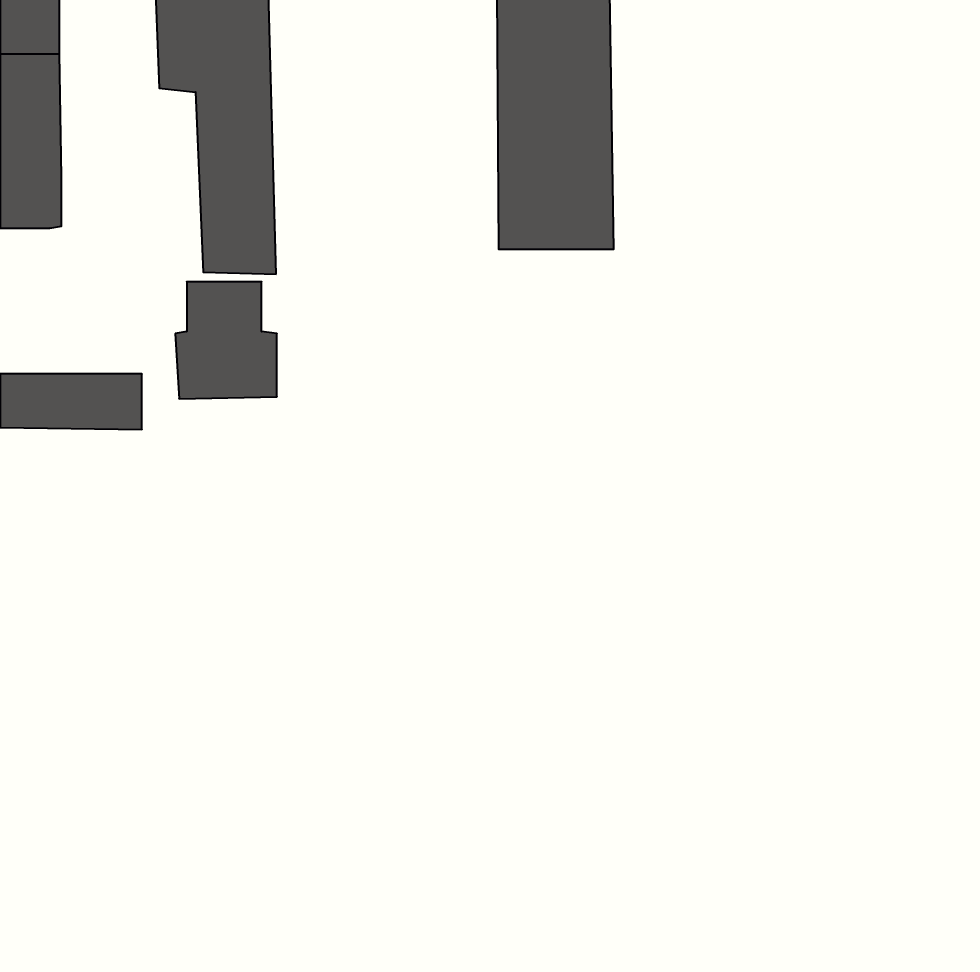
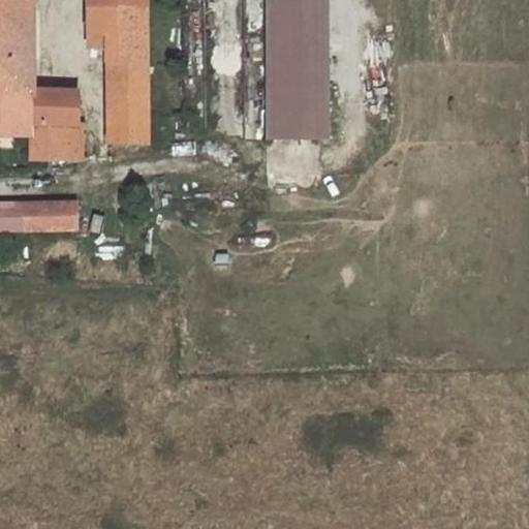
building: [175,282,277,399] -> [27,95,82,158]

